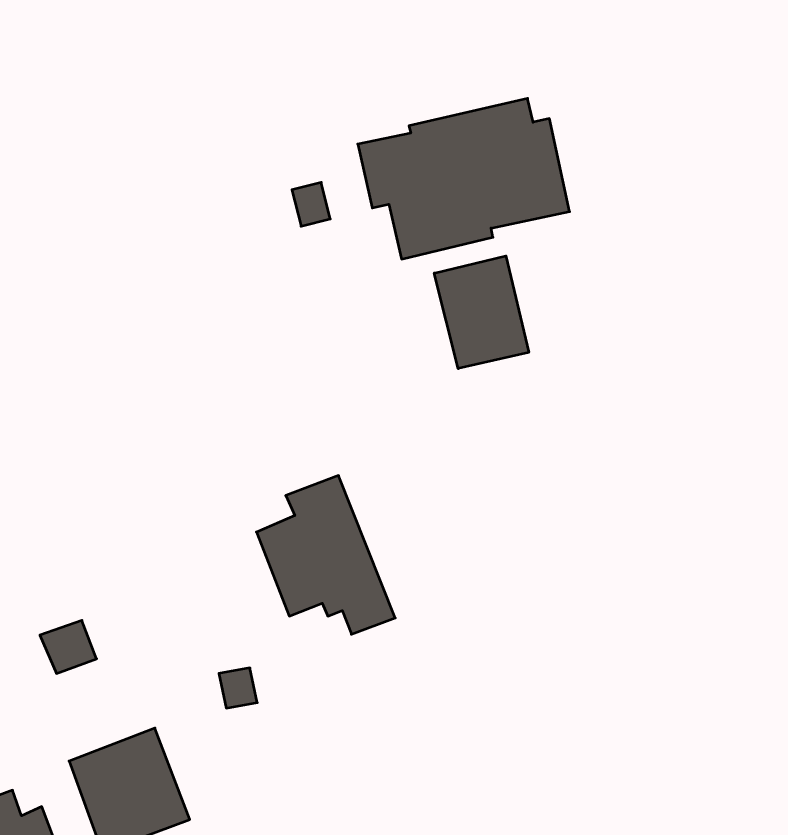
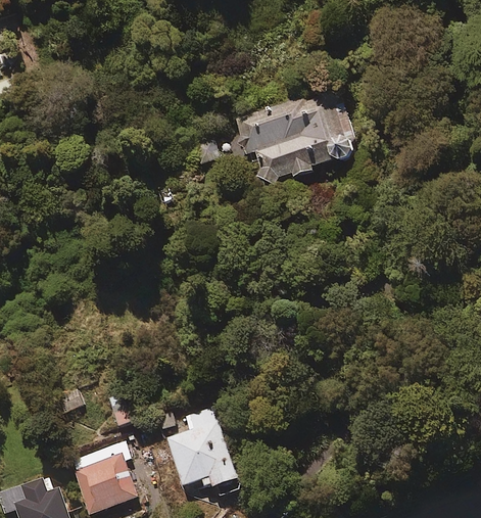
building: [434,256,529,369] -> none
building: [256,476,395,634] -> [166,409,244,498]

